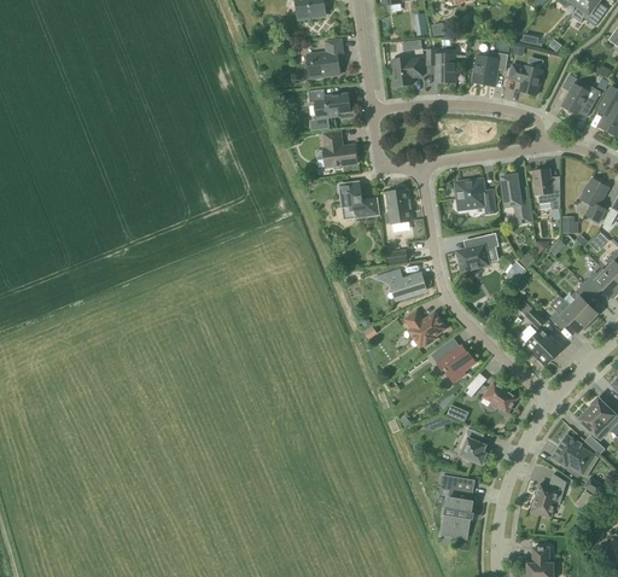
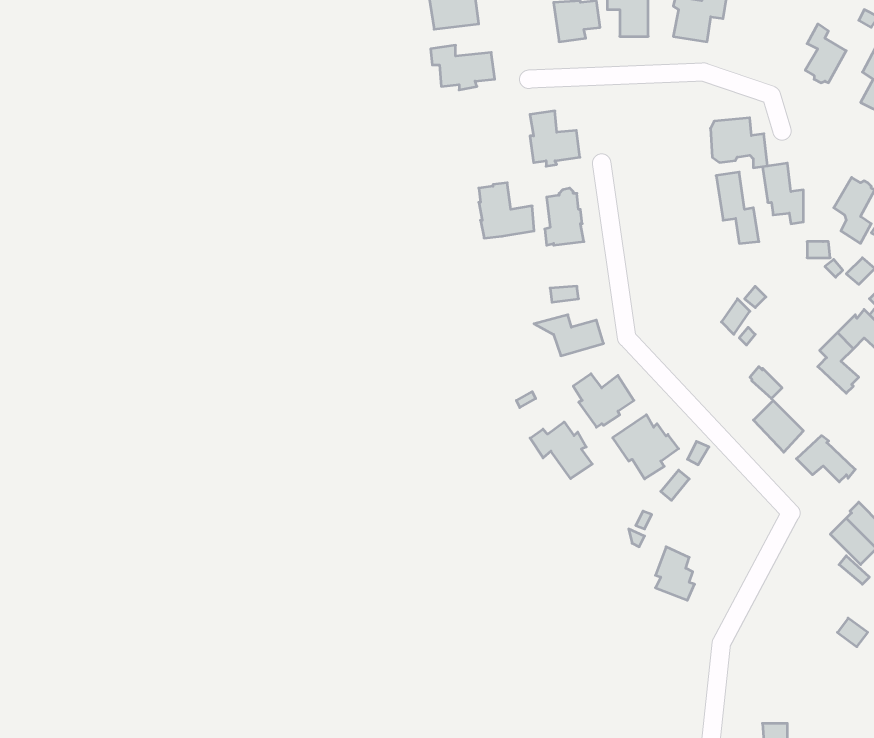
building: [509,64,542,94] -> none
building: [323,132,357,169] -> [530,111,580,166]
building: [456,179,495,212] -> [710,118,768,168]
building: [456,233,499,270] -> none
building: [549,301,589,332] -> [796,436,855,482]
building: none -> [530,422,592,479]
building: [484,381,518,413] -> none
building: [552,435,589,470] -> none
building: [531,473,565,517] -> none
building: [441,474,474,537] -> none

